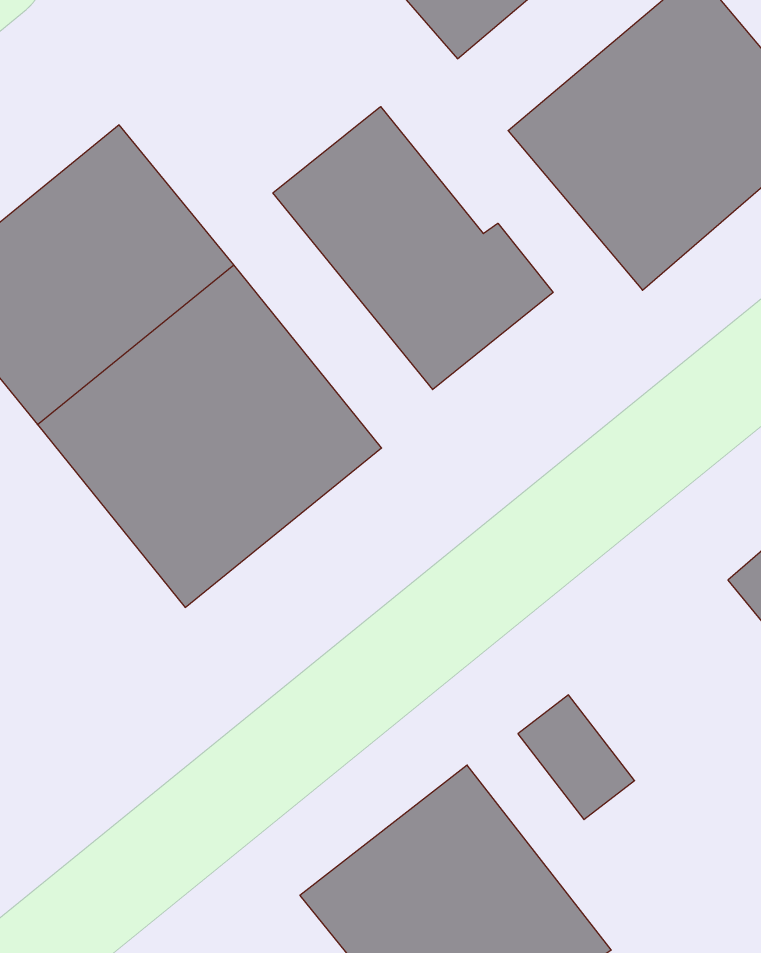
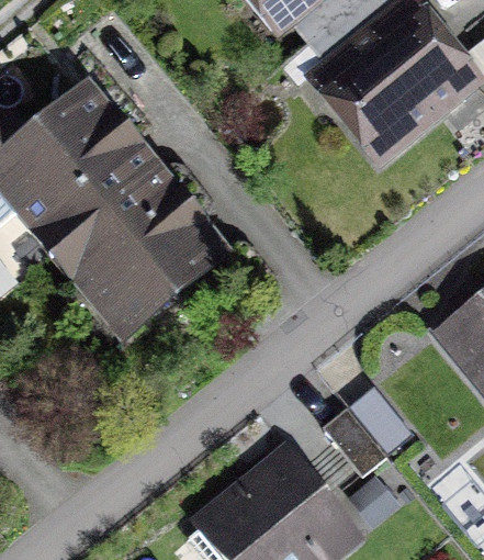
building: [273,107,553,390] -> none

